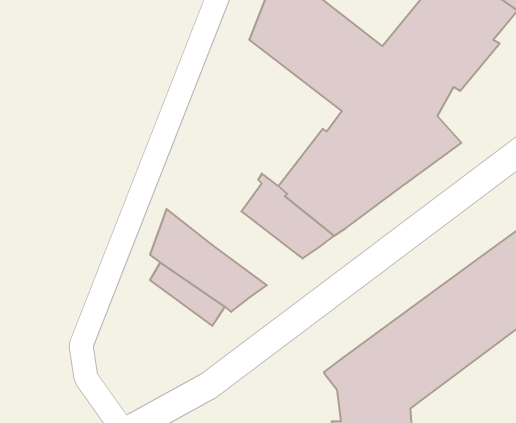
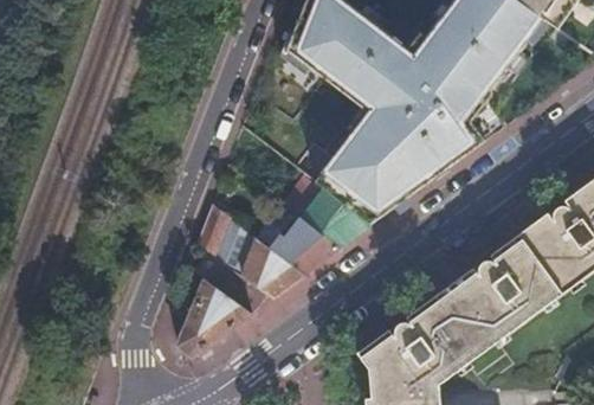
building: none -> [254,205,337,274]
building: none -> [176,279,250,356]

